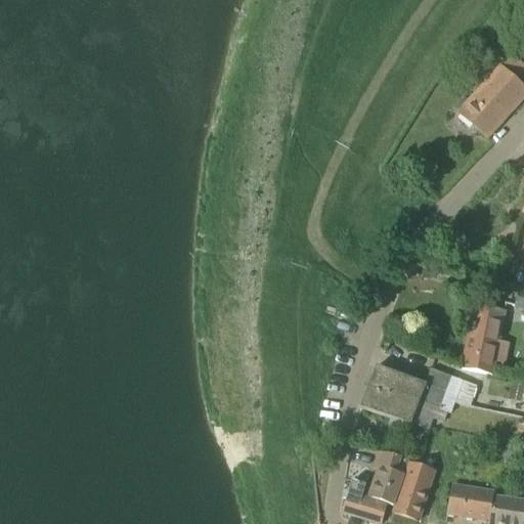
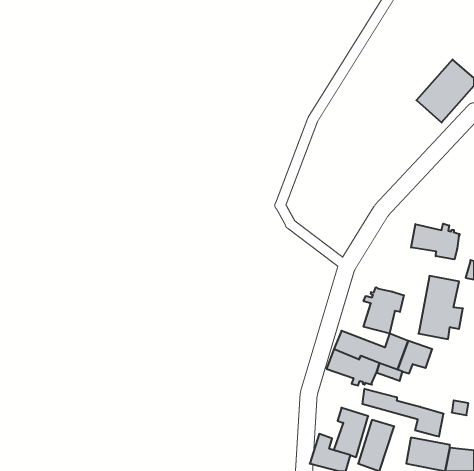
building: none -> [411,224,460,259]
building: none -> [364,287,404,334]
building: none -> [362,389,444,437]

